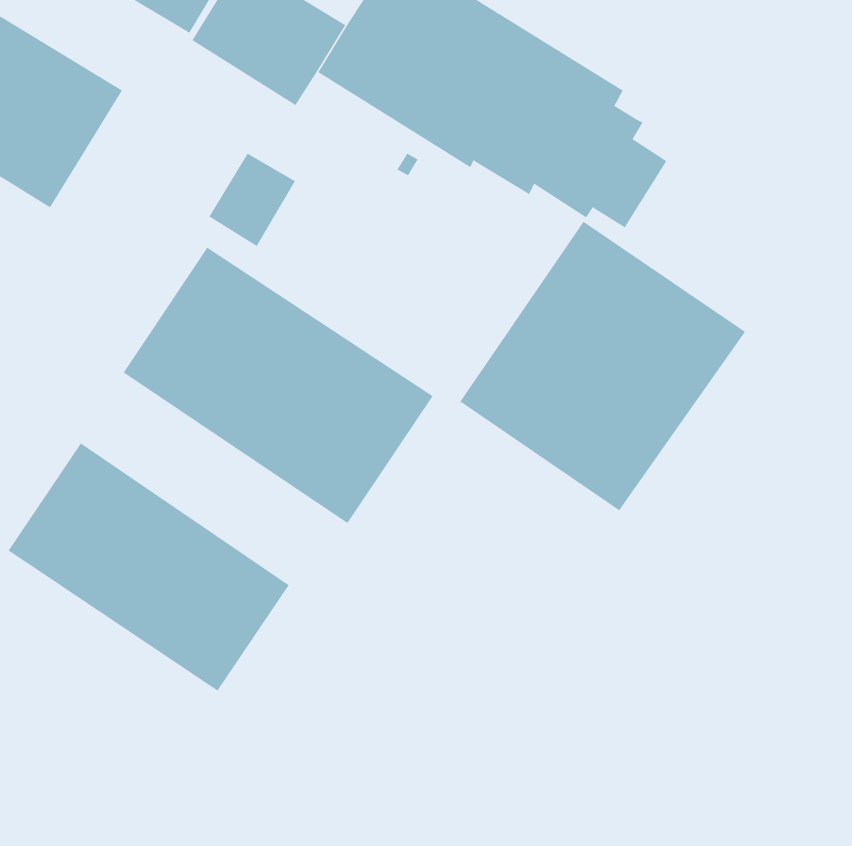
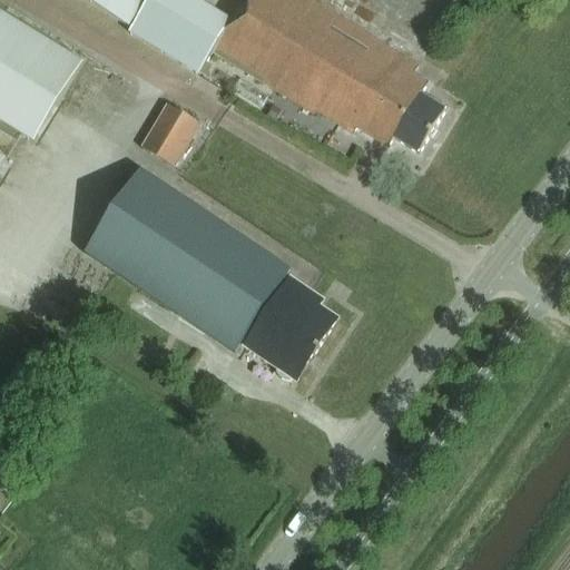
building: [460,221,746,511] -> none
building: none -> [234,265,336,377]
building: [8,443,290,691] -> none

